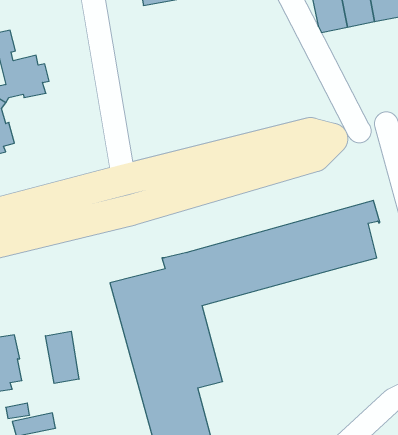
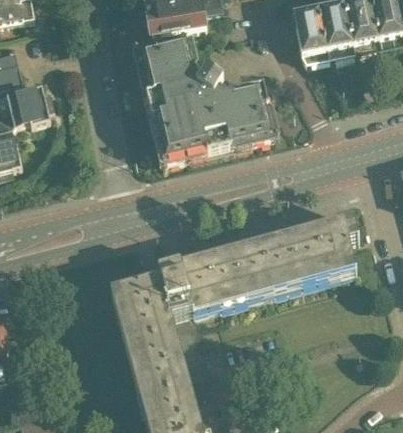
building: none -> [135,35,275,161]
building: [45,331,79,383] -> none

